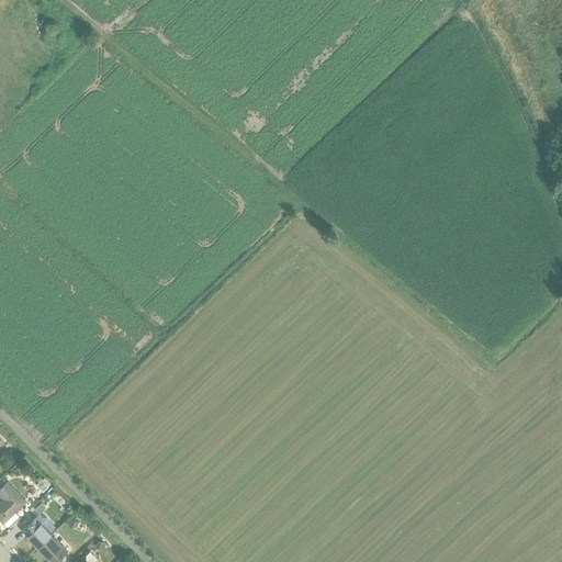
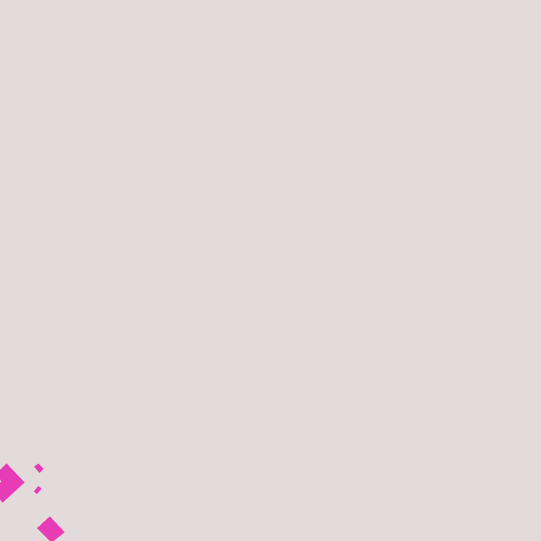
building: [21,516,52,548] -> none

